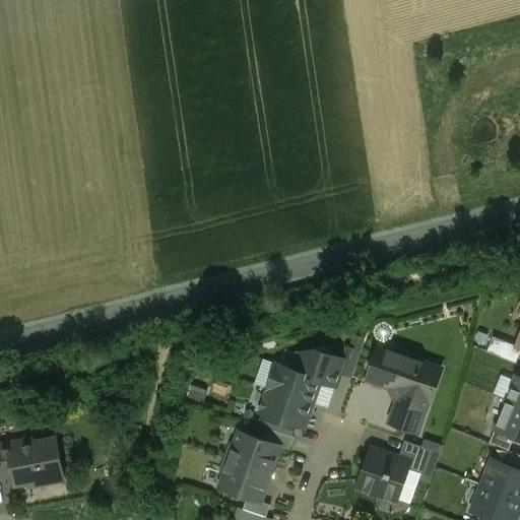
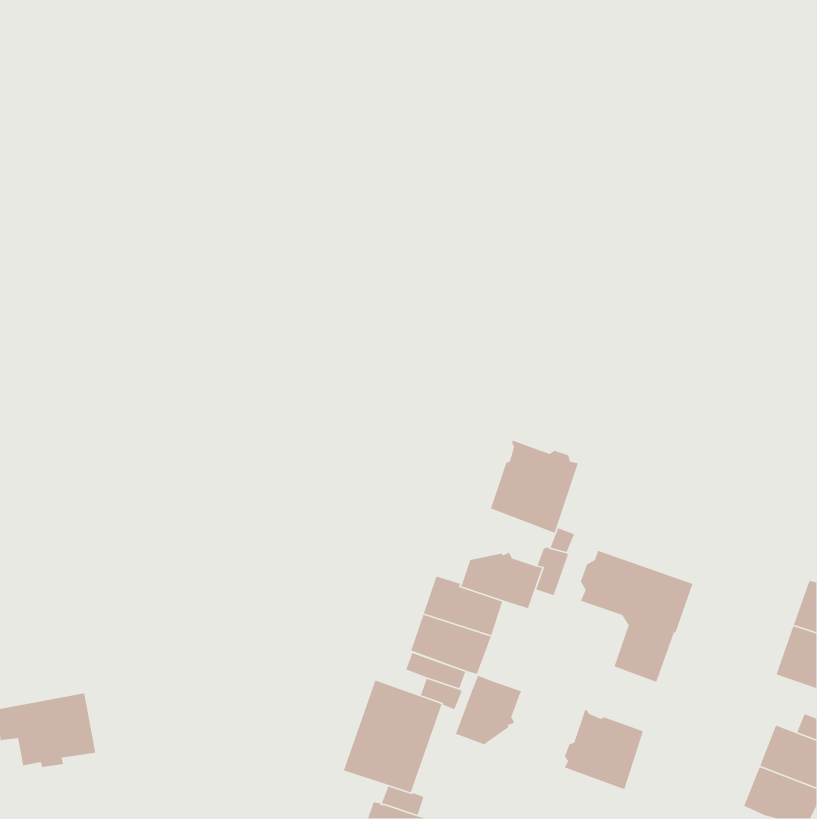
building: none -> [490,439,579,534]
building: none -> [455,675,522,745]
building: [397,441,433,475] -> none

